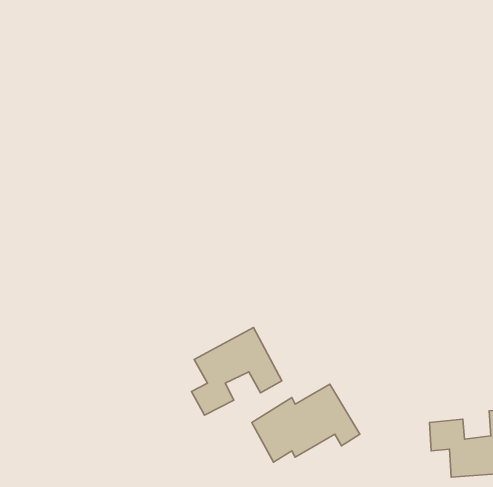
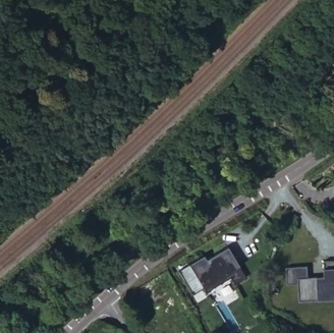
building: [191,327,282,415] -> none

